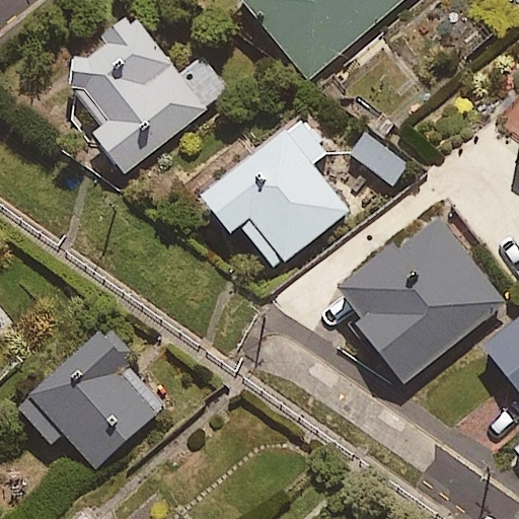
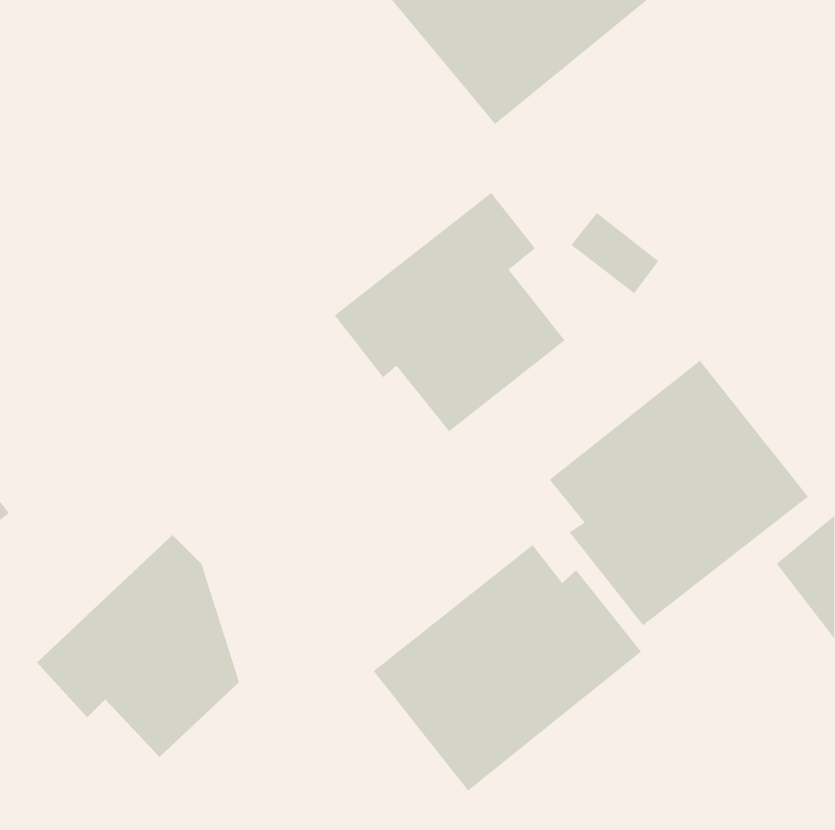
building: [66,16,227,172] -> none
building: none -> [373,544,642,791]

